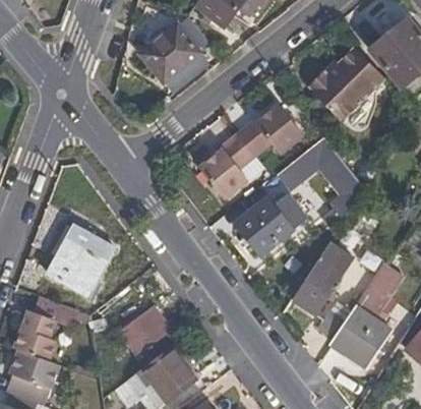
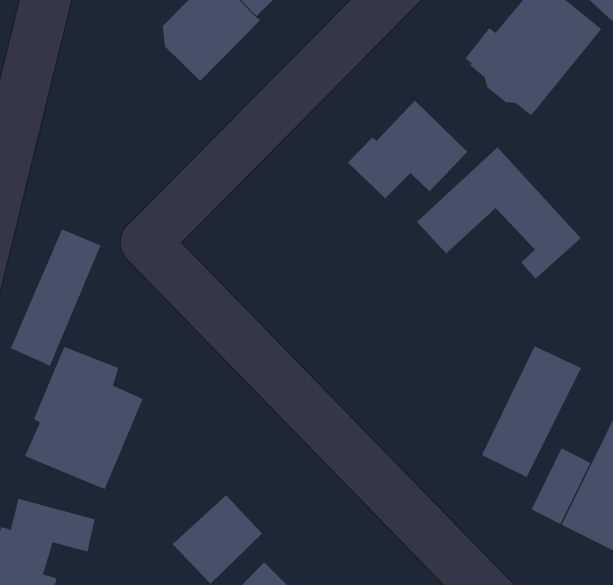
building: [200,134,256,200] -> none
building: none -> [10,229,101,367]
building: [235,198,298,257] -> none

